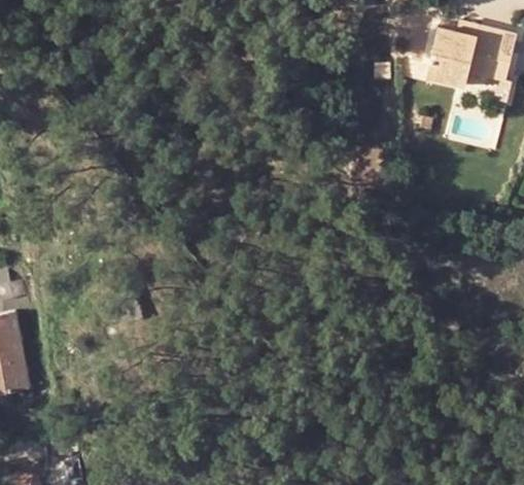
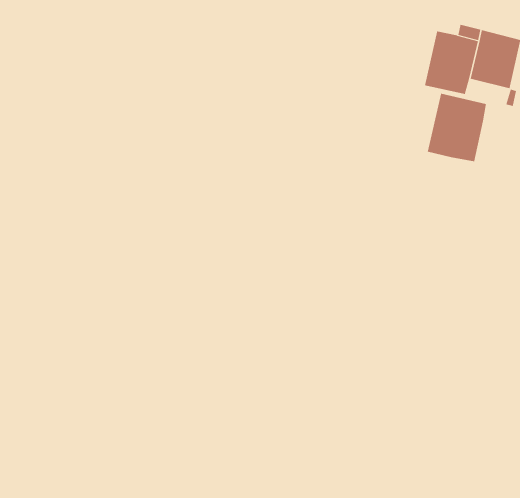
building: none -> [427,93,486,162]

